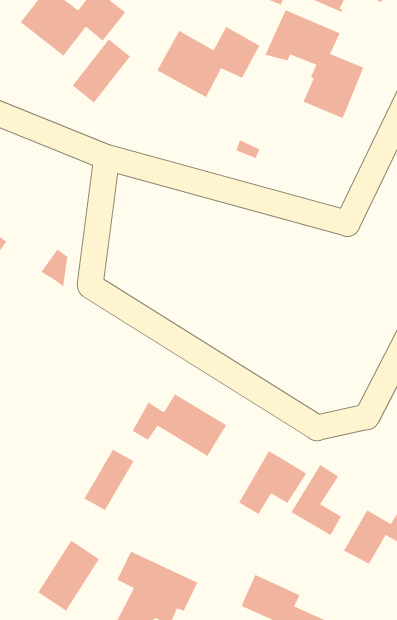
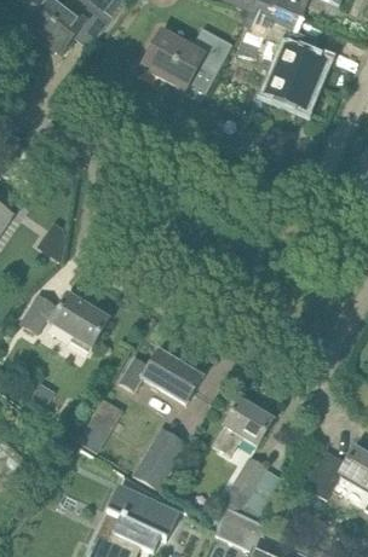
building: [72,39,131,103] -> none
building: none -> [22,294,108,350]
building: [291,464,342,536] -> [224,457,269,520]
building: [38,540,100,612] -> [133,427,188,489]

